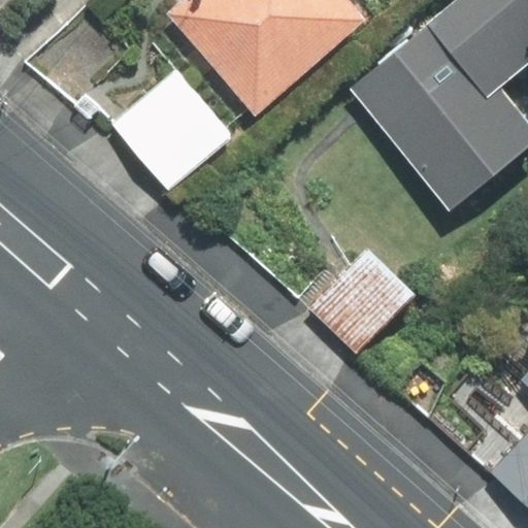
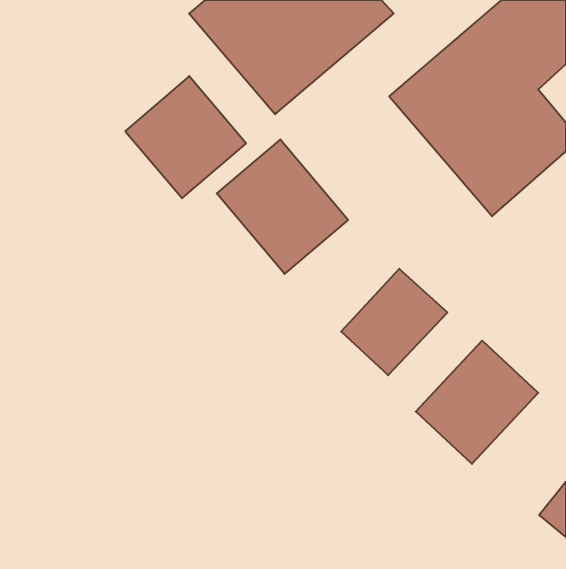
building: none -> [217,139,348,274]
building: none -> [416,341,538,464]

